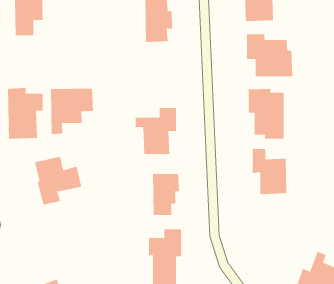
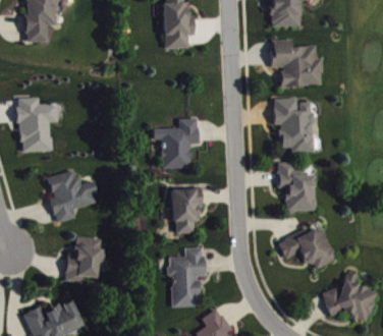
building: [51,88,93,135] -> none
building: none -> [277,226,335,268]
building: none -> [63,236,101,282]

